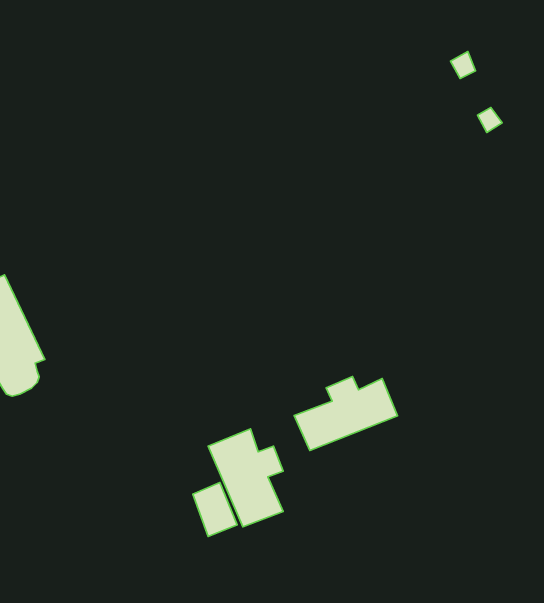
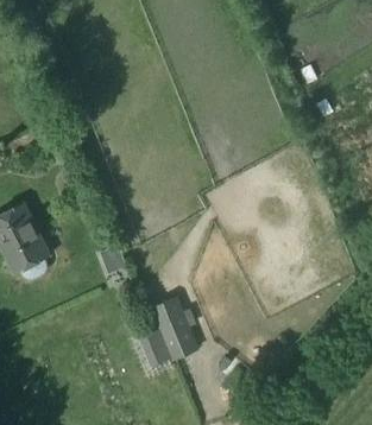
building: [294,376,397,450] -> none

